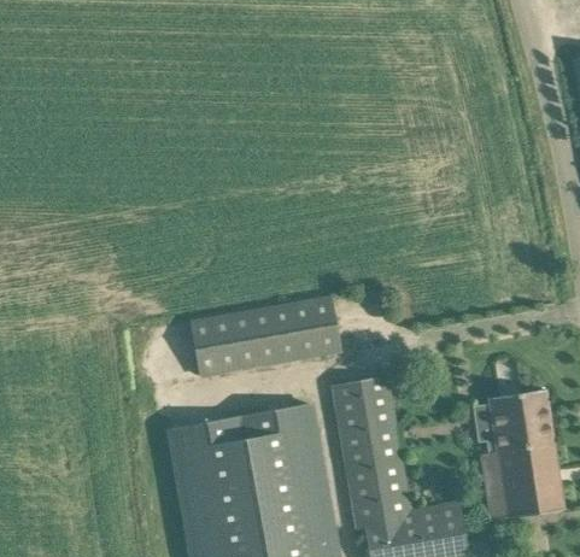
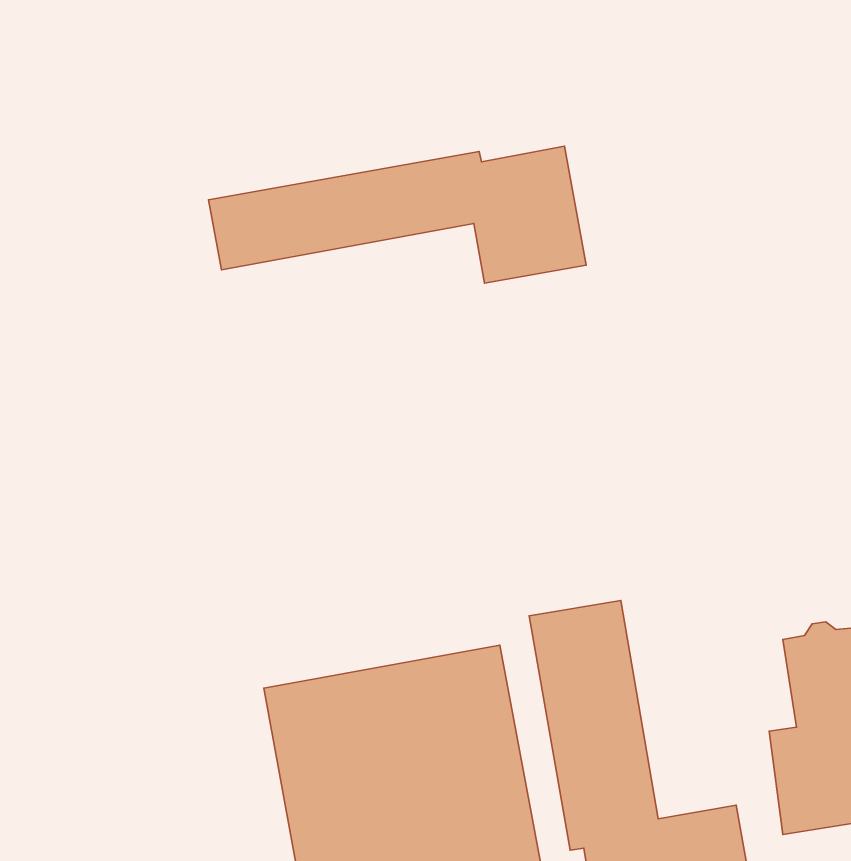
building: none -> [209,146,586,283]
building: [189,295,341,376] -> none

